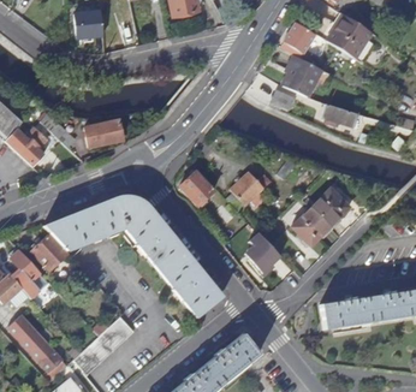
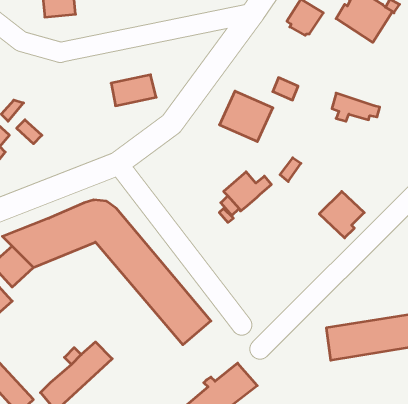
building: [279,53,325,96] -> [219,91,273,142]
building: [84,120,123,147] -> [111,75,156,106]
building: [179,171,214,206] -> none
building: [292,207,333,245] -> none
building: [246,231,279,273] -> none

